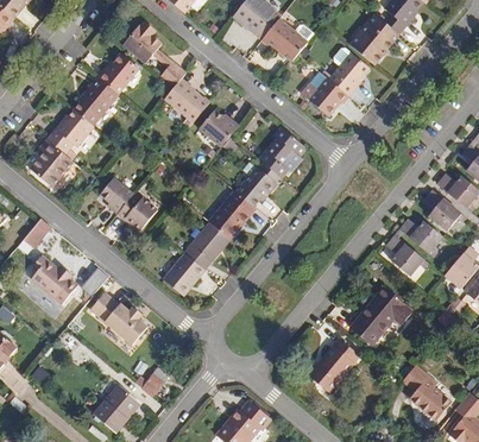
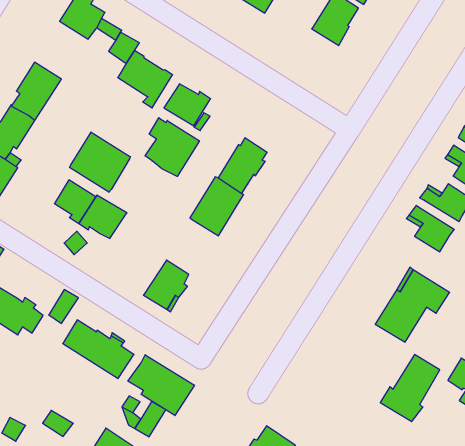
building: [97,53,138,94] -> none
building: [300,71,348,116] -> none
building: [258,127,304,178] -> none
building: none -> [145,118,199,176]
building: none -> [70,132,130,192]
building: [183,222,229,270] -> none
building: none -> [128,355,194,416]
building: [305,339,358,393] -> [380,354,440,422]

